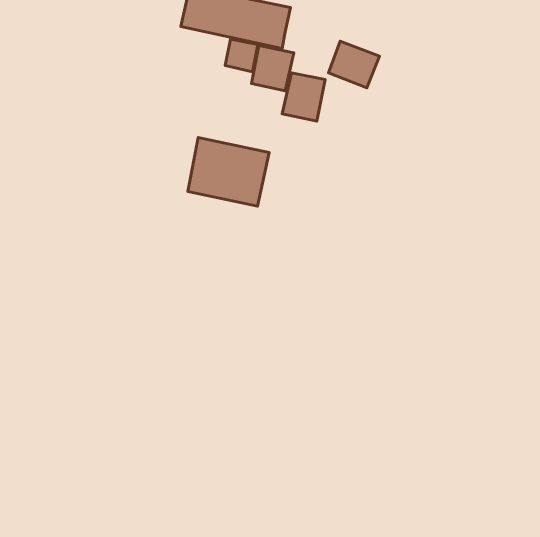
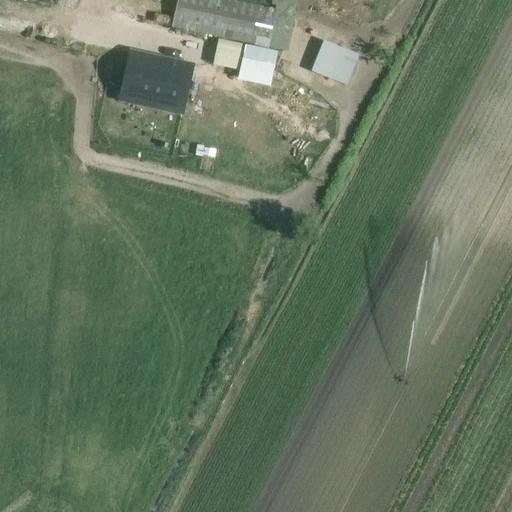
building: [282,73,325,121] -> none
building: [188,138,269,206] -> [118,49,195,114]

